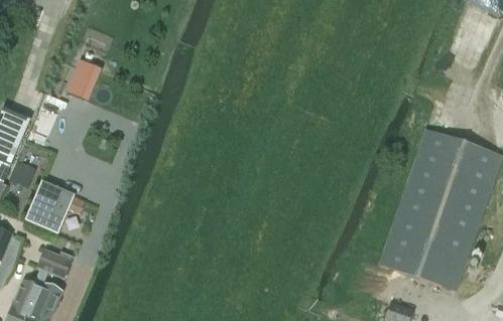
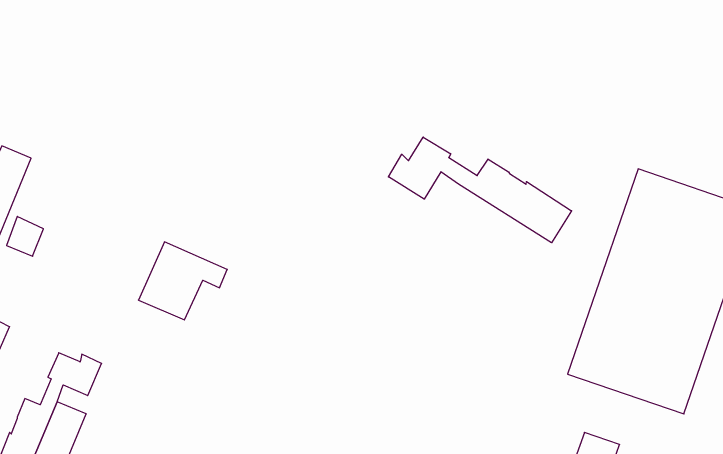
building: [65,58,100,101] -> none
building: none -> [388,137,572,243]
building: [26,182,85,233] -> [138,242,227,320]

